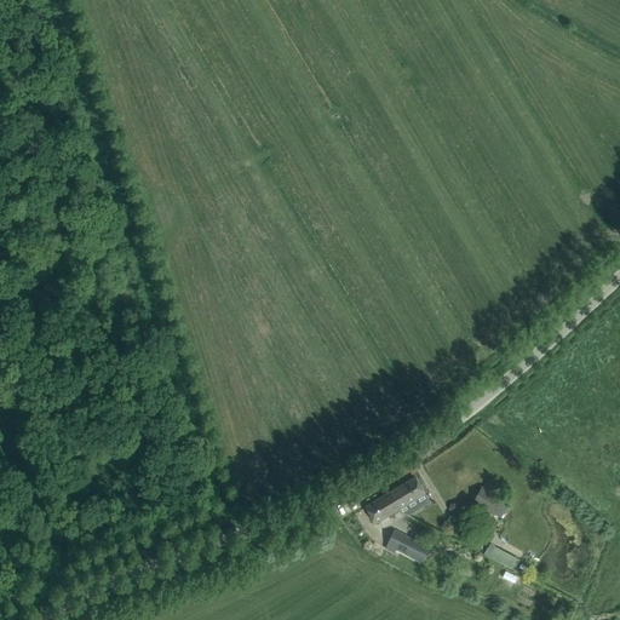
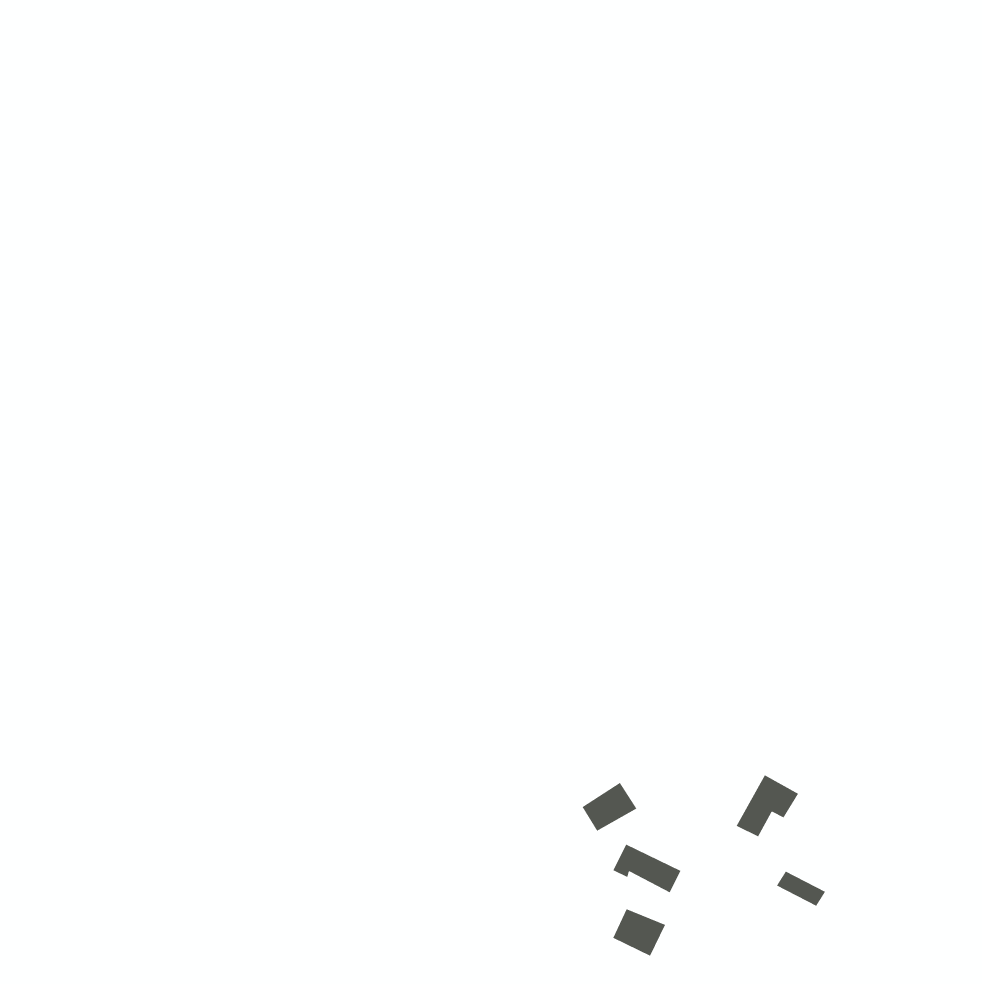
building: [391,477,426,509] -> none
building: none -> [612,908,666,957]

